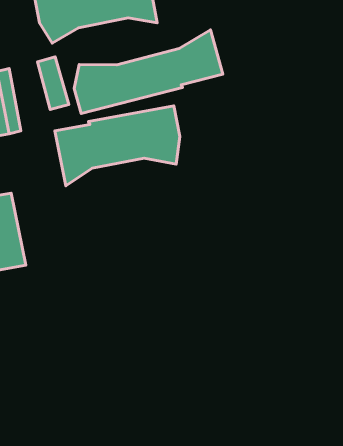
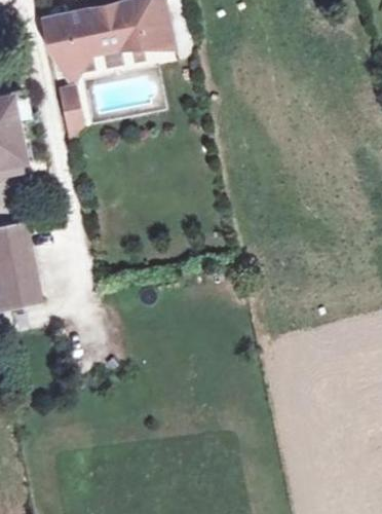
building: [74,30,223,114] -> none
building: [55,106,180,186] -> none

